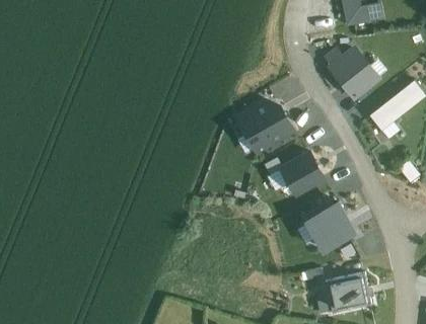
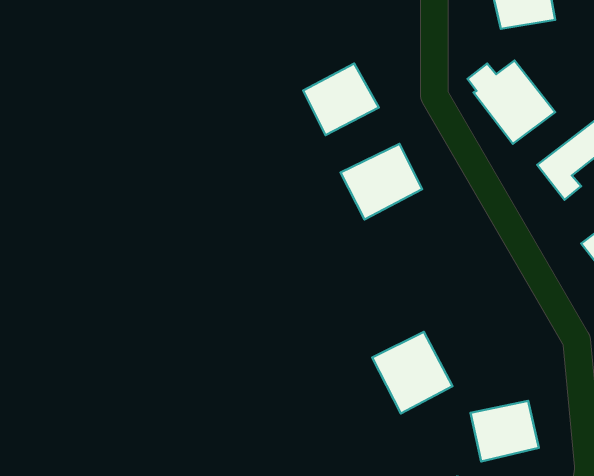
building: none -> [303,64,379,135]
building: [282,153,325,194] -> none
building: [303,198,357,253] -> [372,332,452,414]

